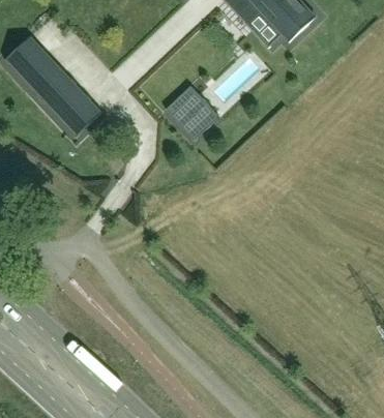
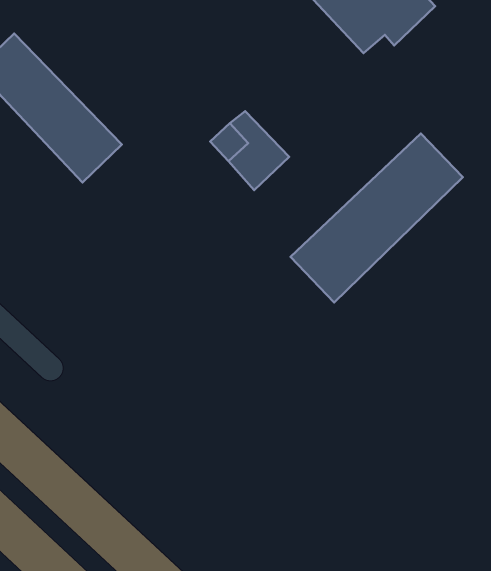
building: none -> [291,133,463,303]

